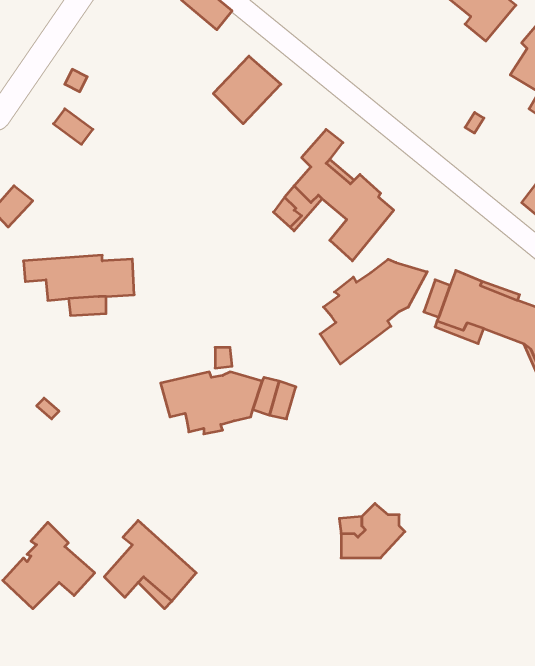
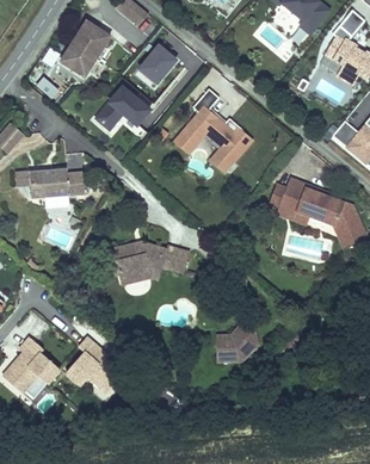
building: none -> [60,20,110,75]
building: none -> [95,86,149,129]
building: [320,259,427,364] -> none

